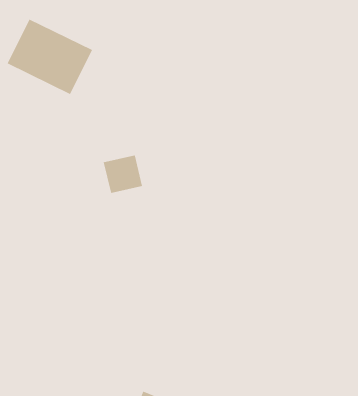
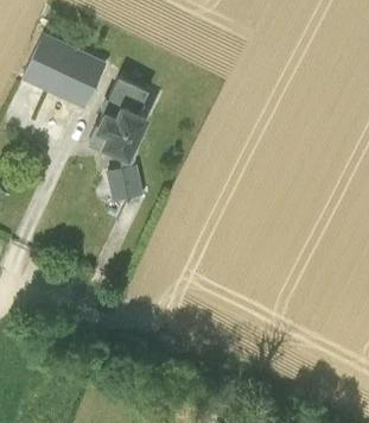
building: none -> [91,78,147,162]

